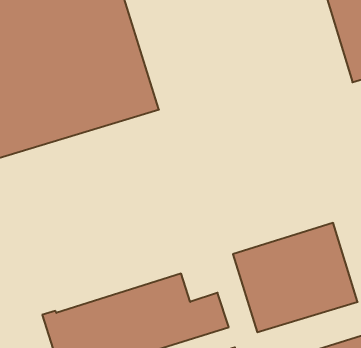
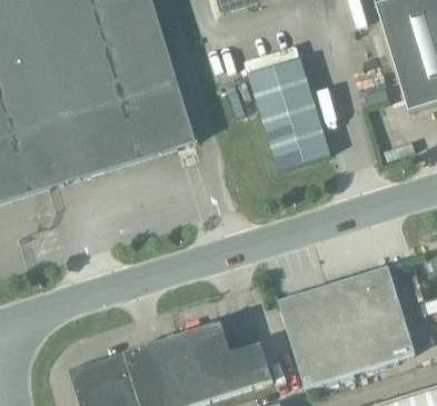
building: none -> [249,59,330,171]

